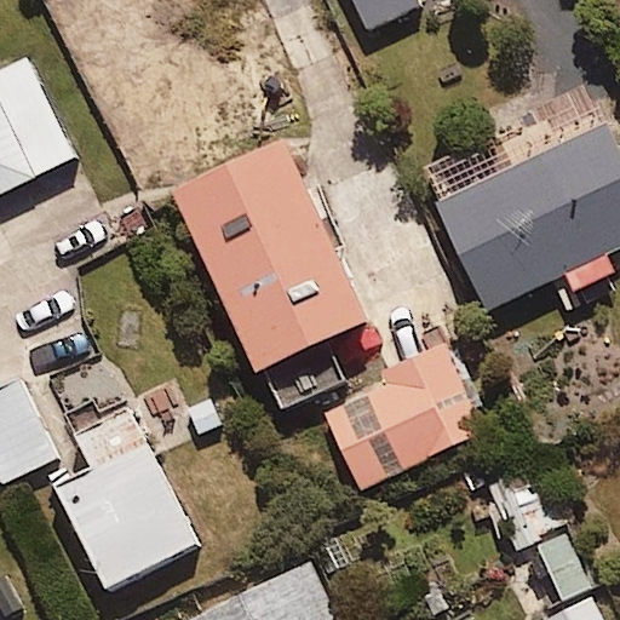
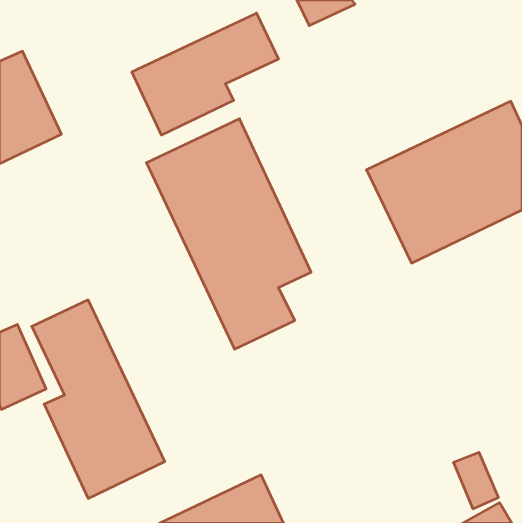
building: none -> [132,13,278,135]
building: [320,343,484,492] -> none

